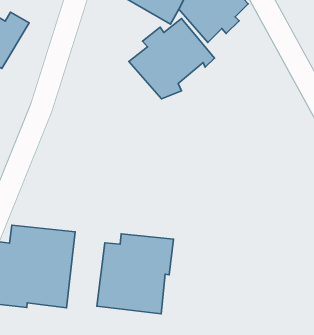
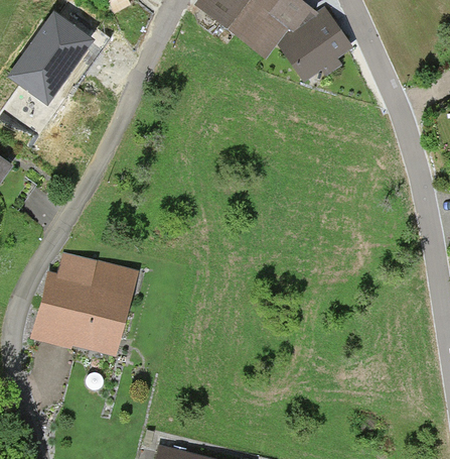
building: [129,19,214,99] -> none
building: [97,234,174,314] -> none

